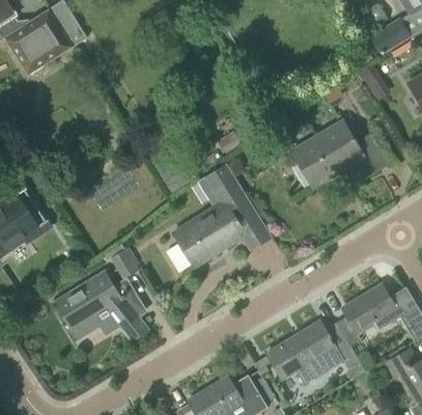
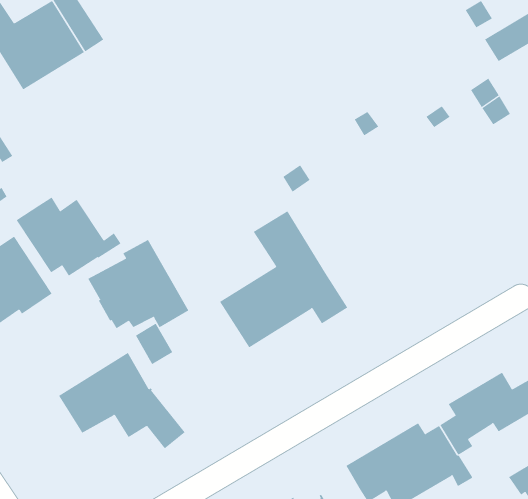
building: [291,121,388,187] -> none
building: none -> [16,197,121,276]
building: none -> [88,239,189,329]

